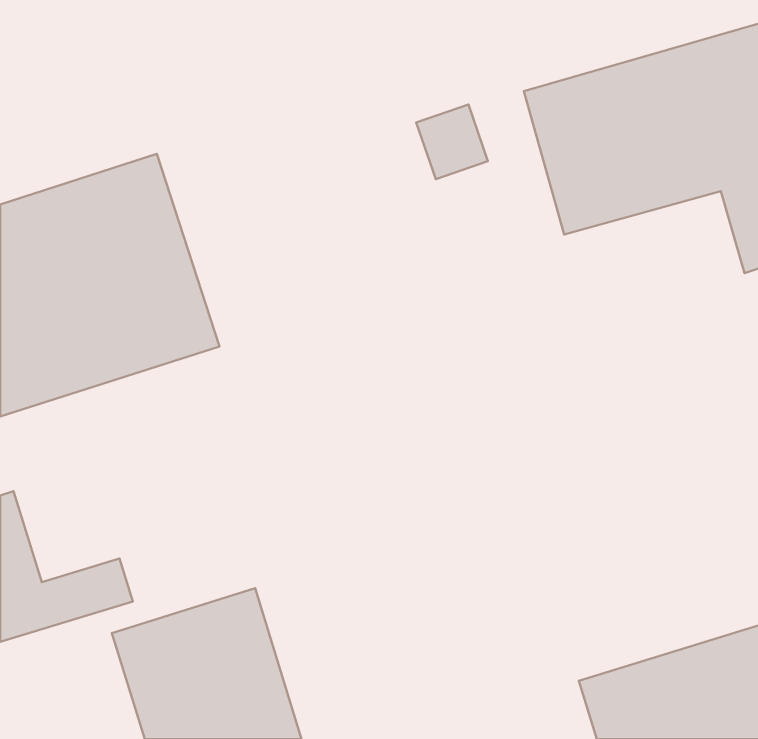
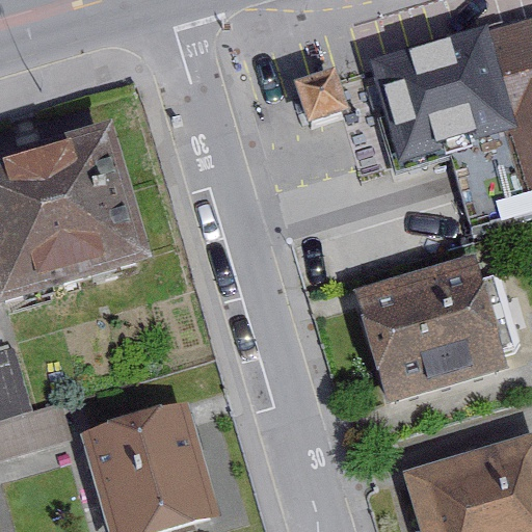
building: none -> [352,263,502,403]

